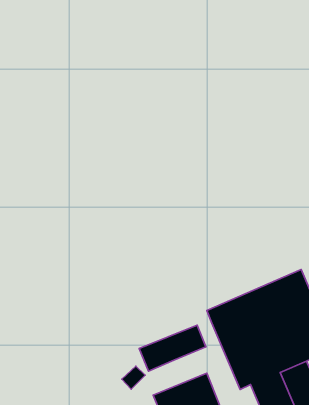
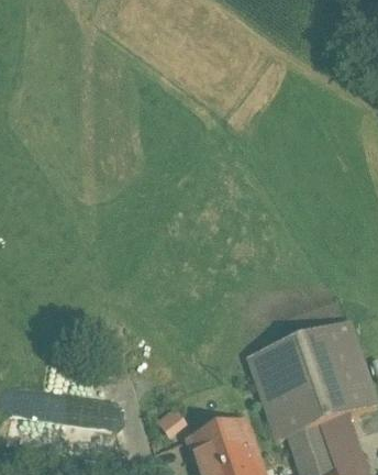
building: [139,325,206,371] -> none

